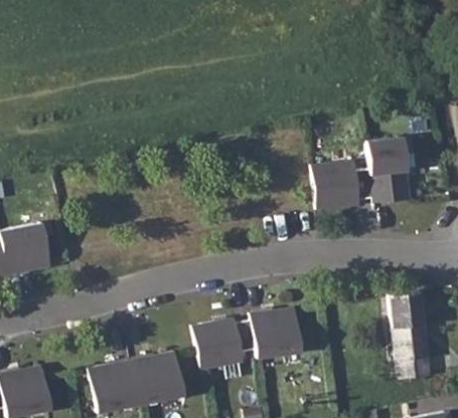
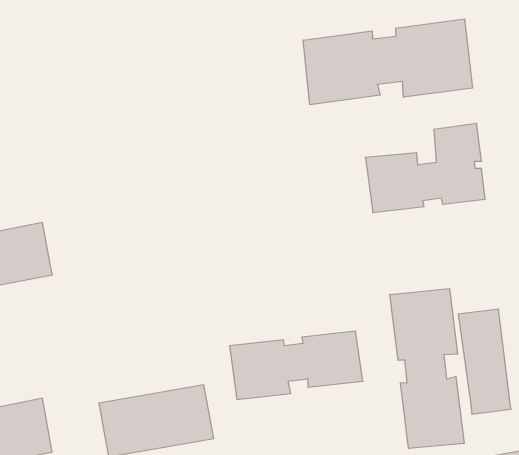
building: none -> [303,19,472,105]
building: none -> [390,289,464,449]

